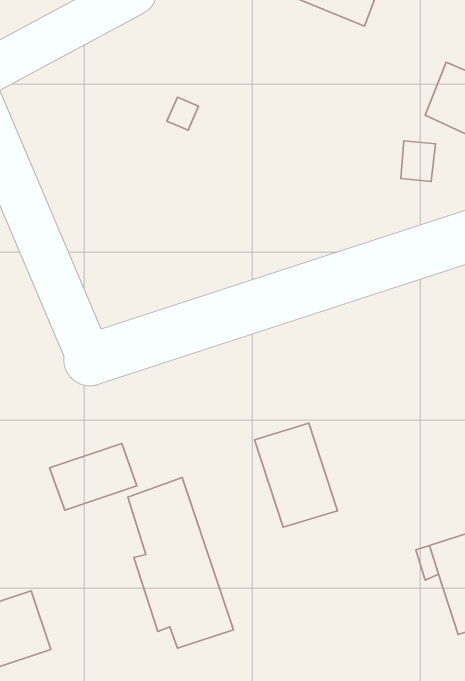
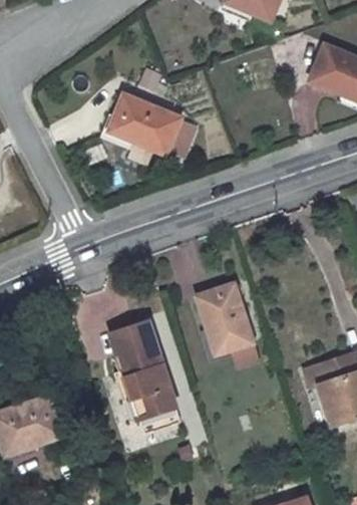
building: none -> [108,95,198,154]
building: [49,444,137,510] -> none

